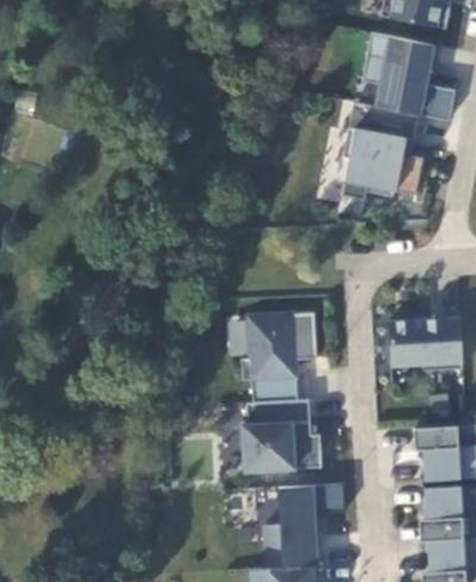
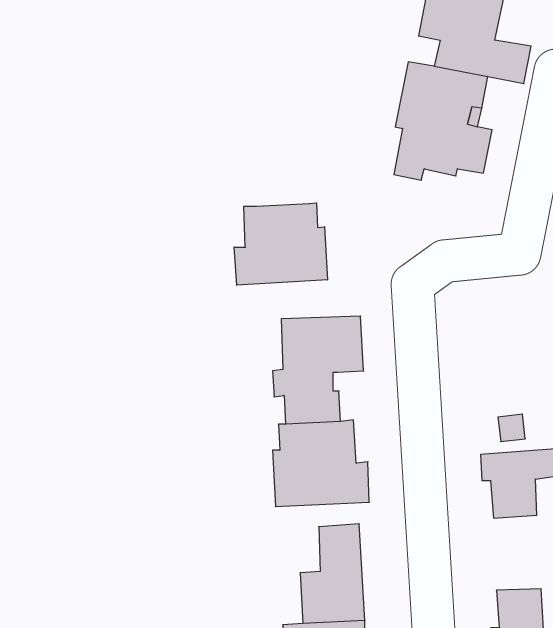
building: none -> [234,203,327,285]
building: [389,317,463,369] -> none
building: [419,484,464,540] -> none

